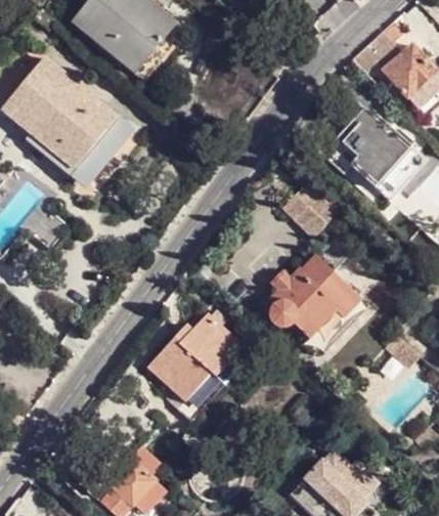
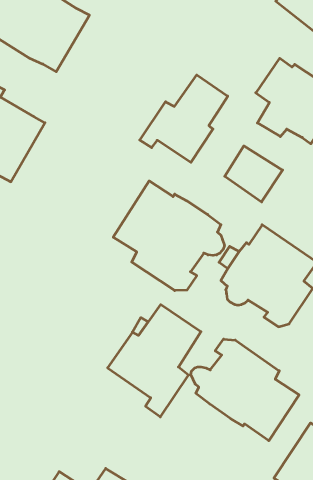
building: none -> [140,75,228,162]
building: none -> [113,181,224,291]
building: none -> [191,339,299,441]

